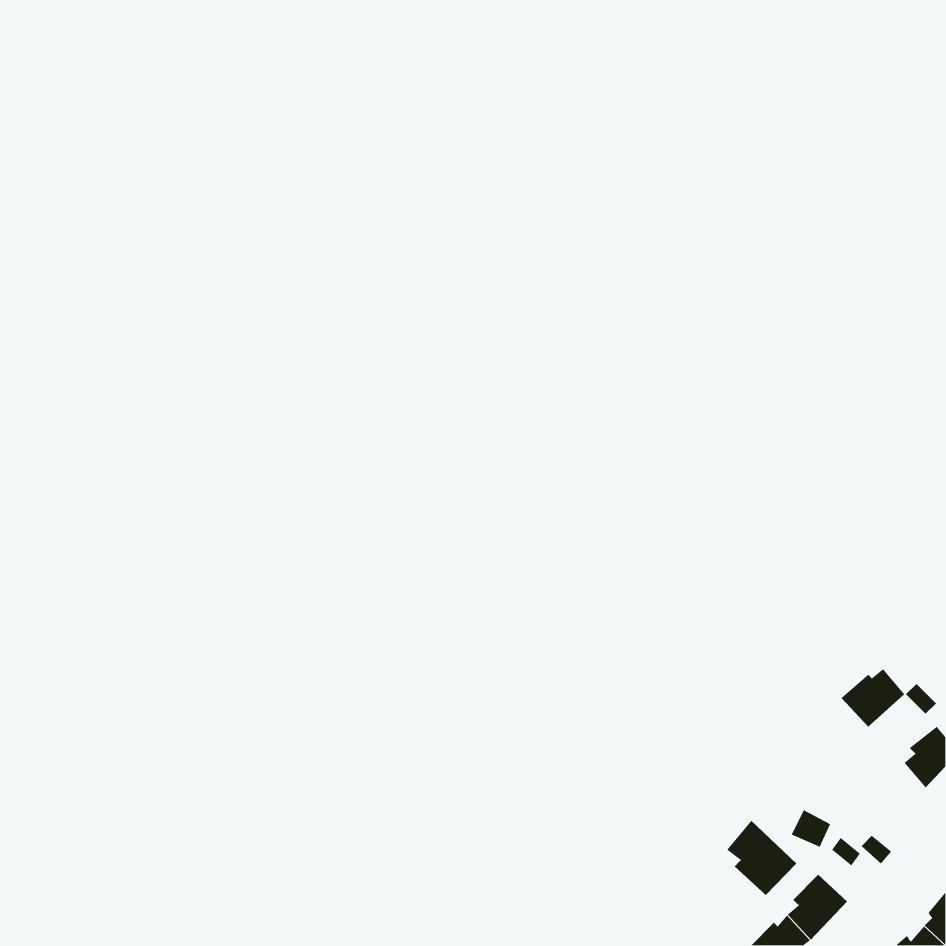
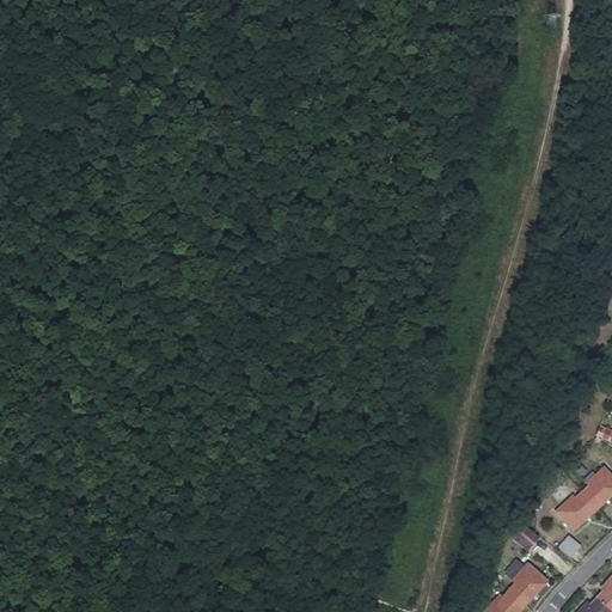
building: [840,668,905,728] -> [556,492,598,531]
building: [726,820,797,896] -> none

